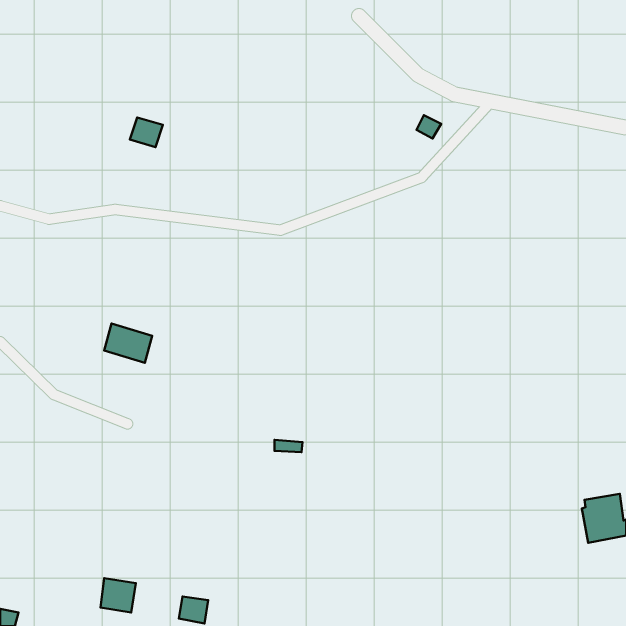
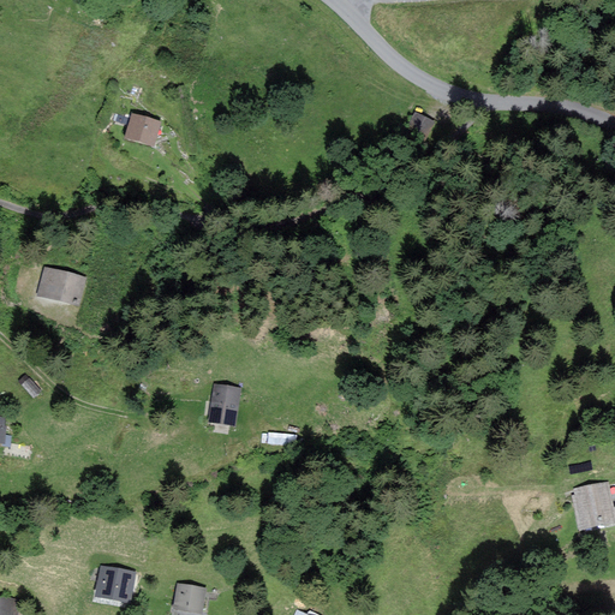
building: [104,323,152,363] -> [40,267,86,305]
building: none -> [209,383,240,425]

